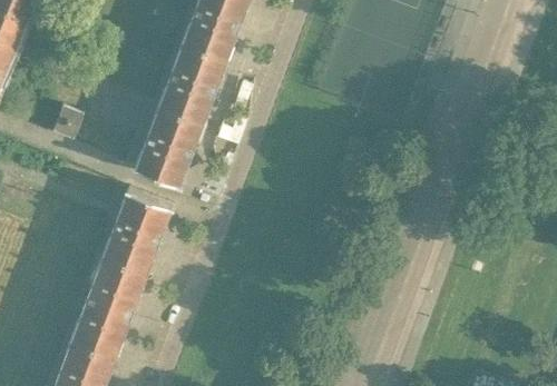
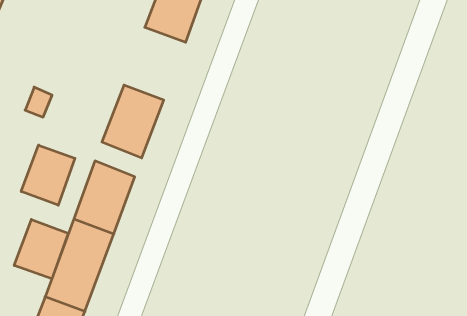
building: [158,43,227,125] -> none
building: none -> [21,145,75,205]
building: none -> [14,219,68,279]

